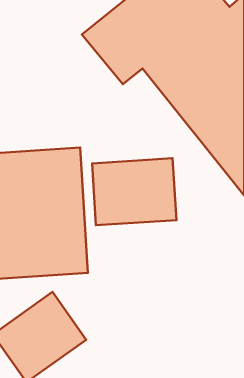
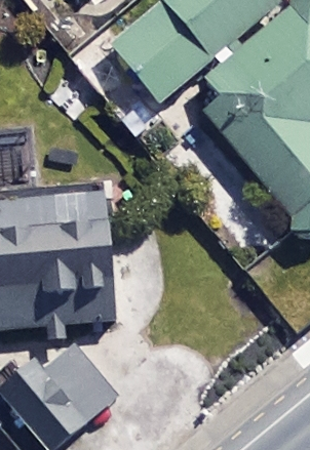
building: [92,158,176,225] -> none

